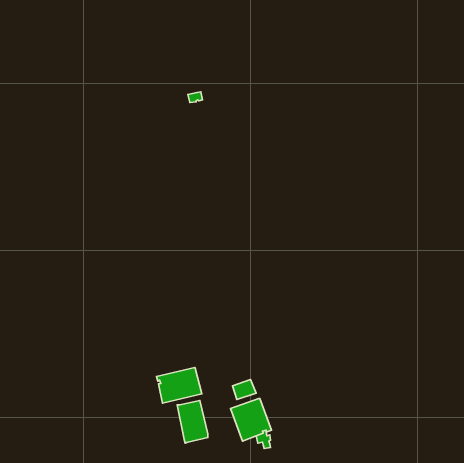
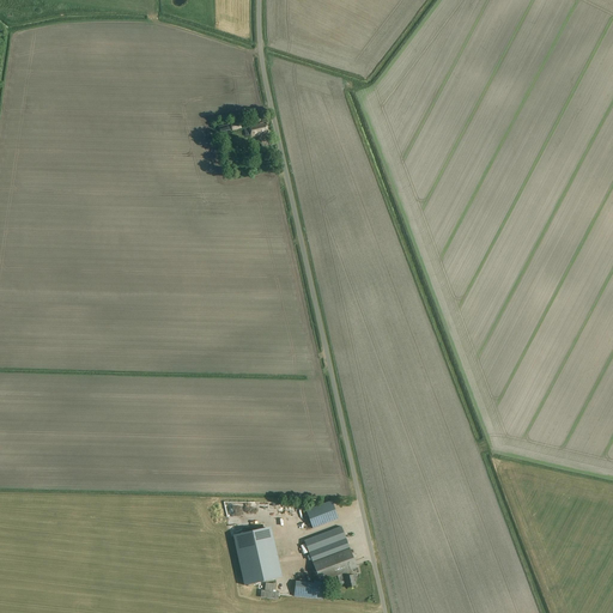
building: [156,367,202,403] -> none

